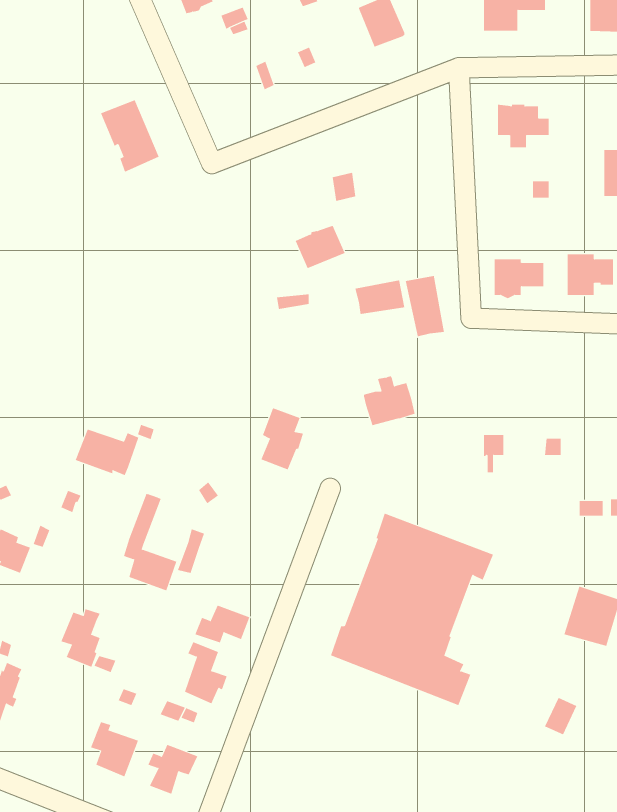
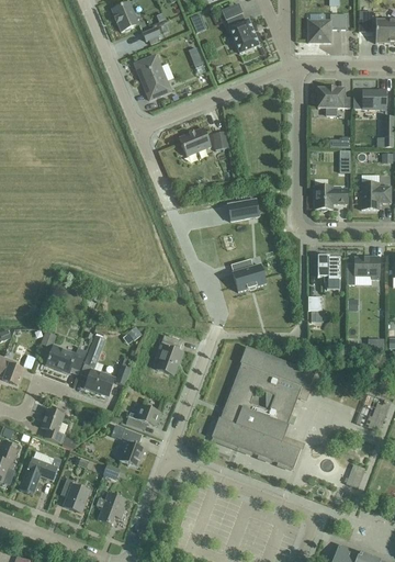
building: [100,99,159,172] -> [134,54,171,100]
building: none -> [353,89,386,109]
building: [295,225,345,269] -> [179,127,211,155]
building: [405,275,445,337] -> none
building: none -> [317,256,340,289]
building: none -> [347,256,379,284]
building: [260,407,304,470] -> [156,335,183,374]
building: [75,429,139,476] -> [45,345,86,374]
building: none -> [20,457,61,494]

